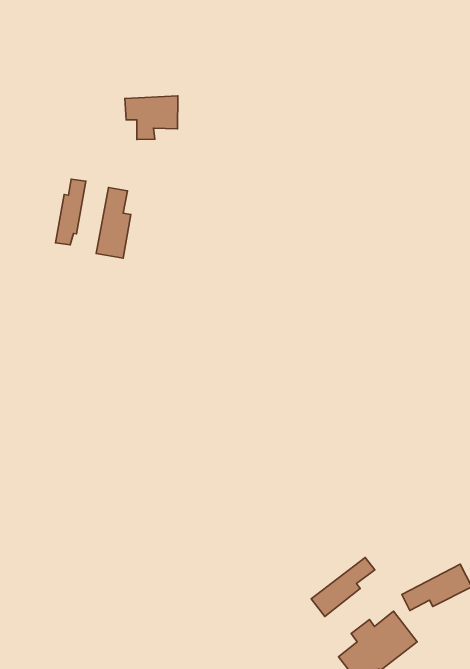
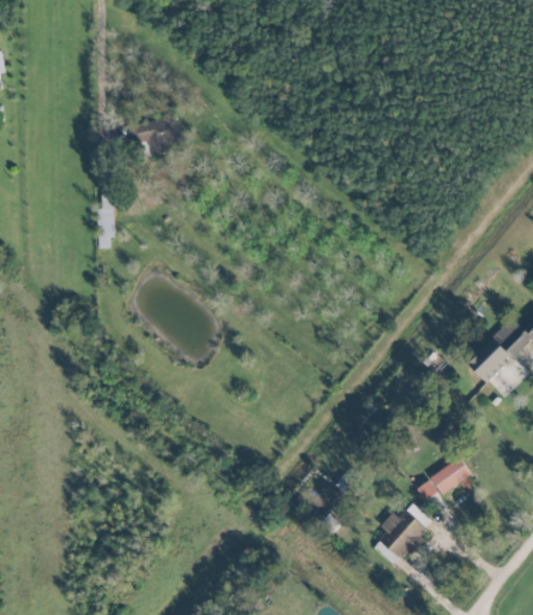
building: [96,188,131,258] -> none
building: [311,557,375,616] -> none

